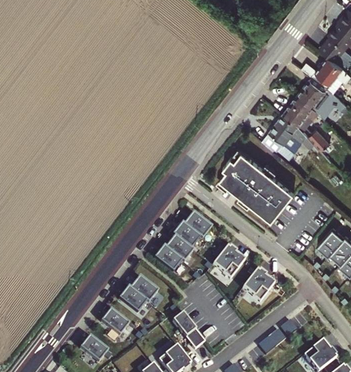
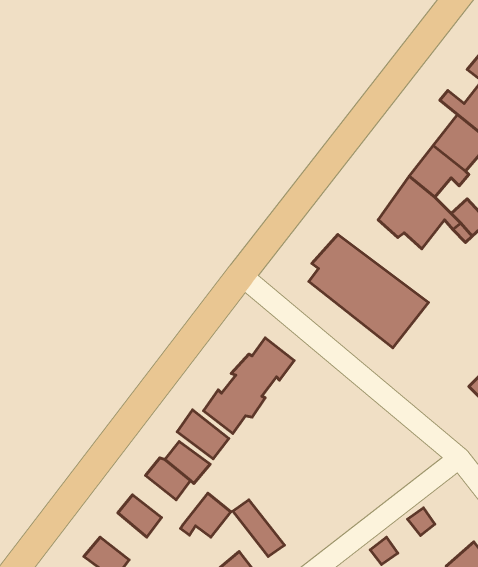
building: [213,246,244,278] -> none
building: none -> [177,410,229,459]
building: [242,269,273,301] -> none
building: none -> [180,493,231,537]

